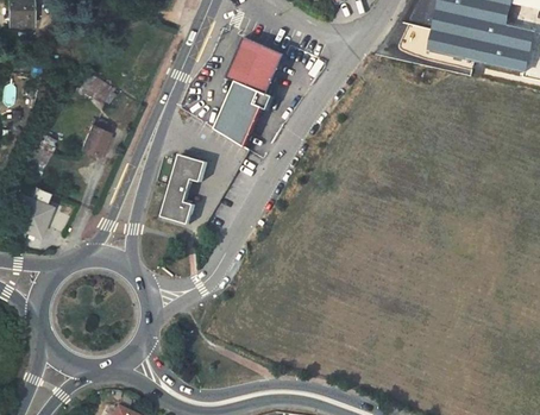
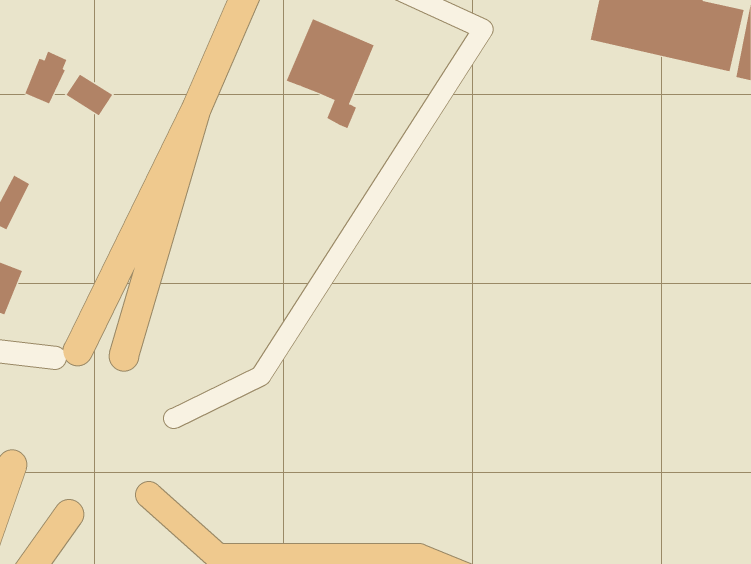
building: [216,81,263,145] -> none
building: [82,119,111,155] -> [25,51,67,104]
building: [161,153,205,222] -> none

